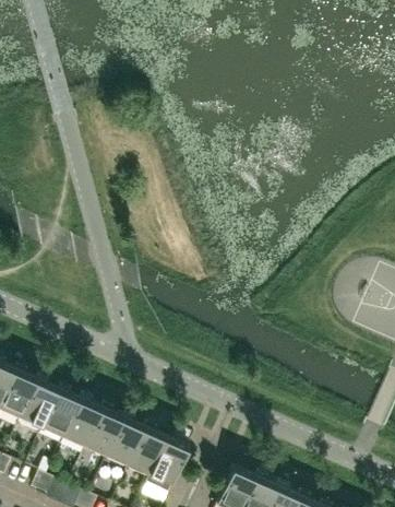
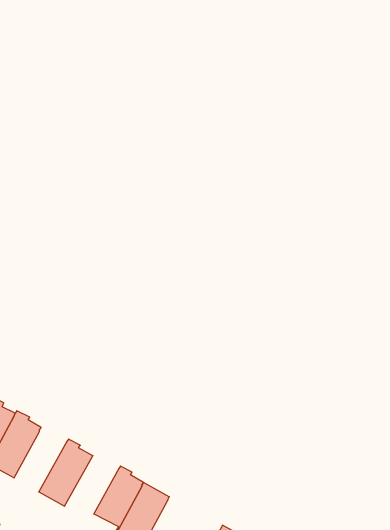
building: [62,399,103,453] -> none
building: [105,417,146,473] -> none

